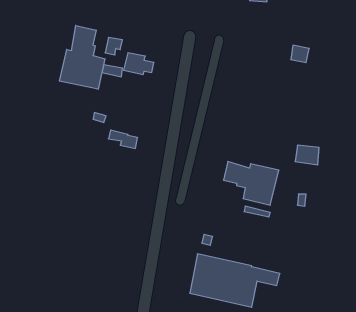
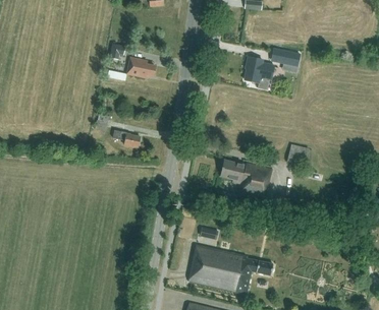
building: [59,25,105,89] -> none
building: none -> [245,56,274,89]

